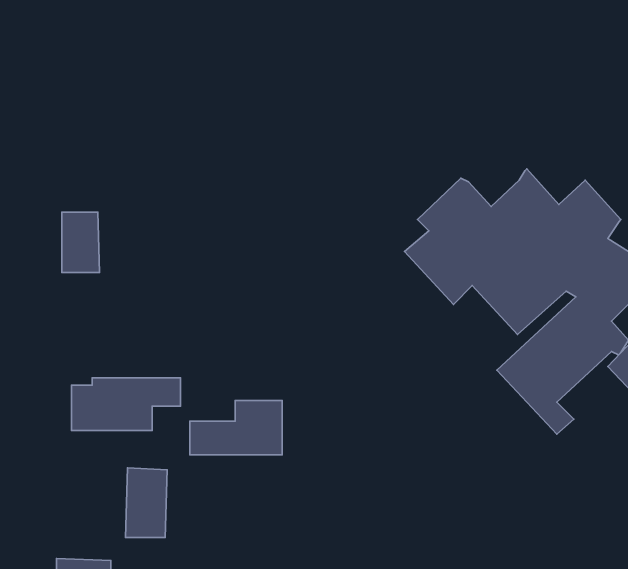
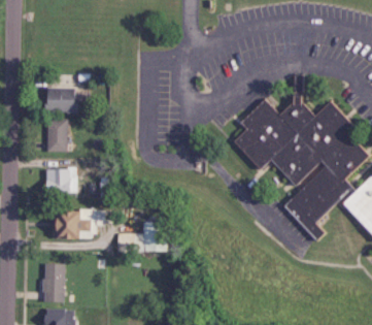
building: none -> [48,88,81,112]
building: none -> [45,168,77,193]
building: [126,468,167,538] -> [42,263,65,301]

